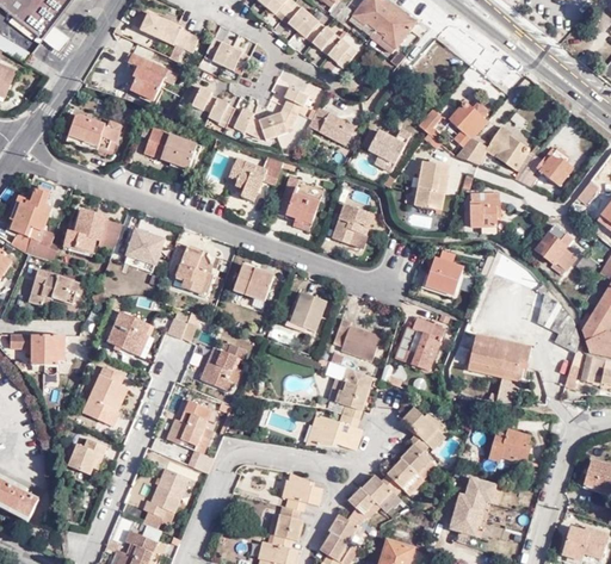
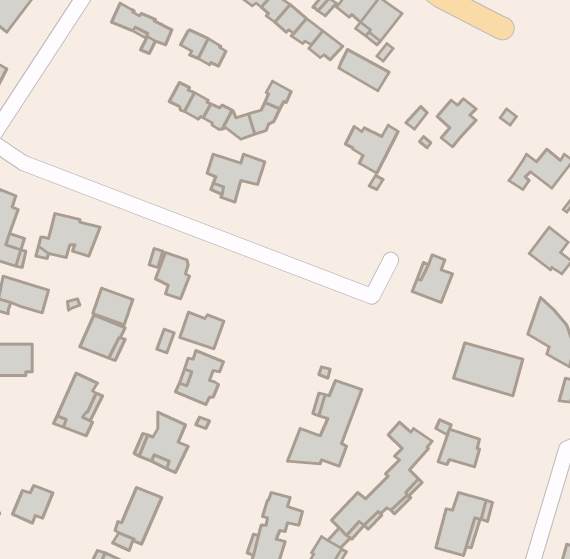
building: [129,51,167,98] -> none
building: [308,105,356,144] -> [339,49,389,91]
building: [69,110,123,155] -> none
building: [456,126,529,174] -> none
building: [143,128,200,171] -> none
building: [413,163,449,210] -> none
building: [280,174,321,227] -> none
building: [470,193,499,231] -> none
building: [331,206,371,247] -> none
building: [128,231,166,266] -> [93,288,133,325]
building: [230,267,272,302] -> [180,312,224,349]
building: [291,291,325,329] -> none
building: [401,315,439,368] -> none
building: [332,321,378,361] -> none
building: [489,426,529,461] -> [438,429,480,467]
building: [70,434,109,470] -> [12,485,53,523]

